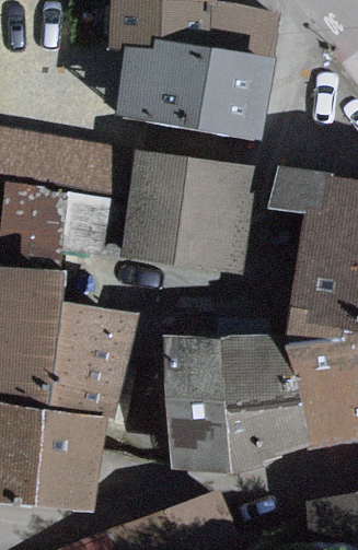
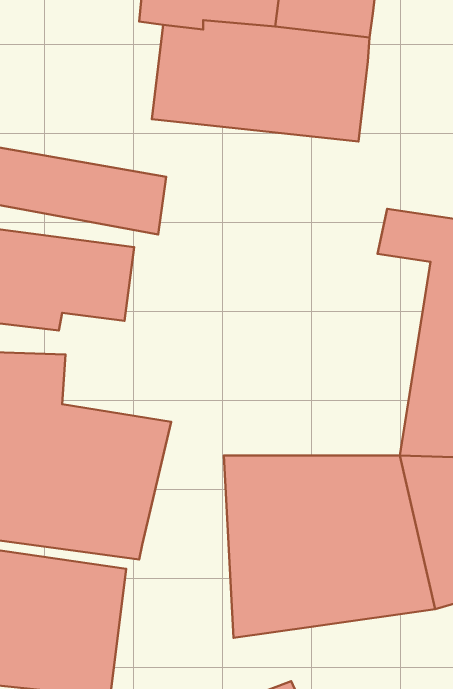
building: [125,154,252,271] -> none

